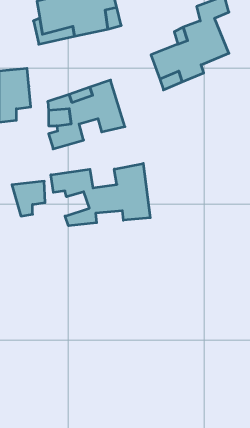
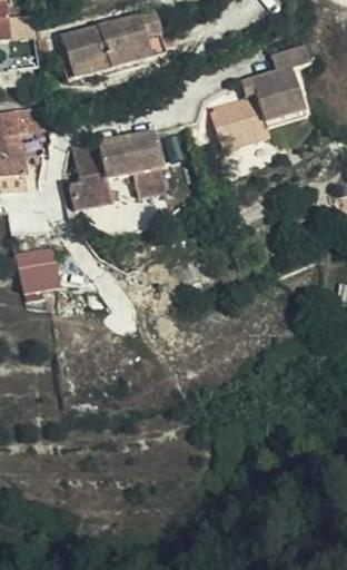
building: [51,163,150,226] -> none

